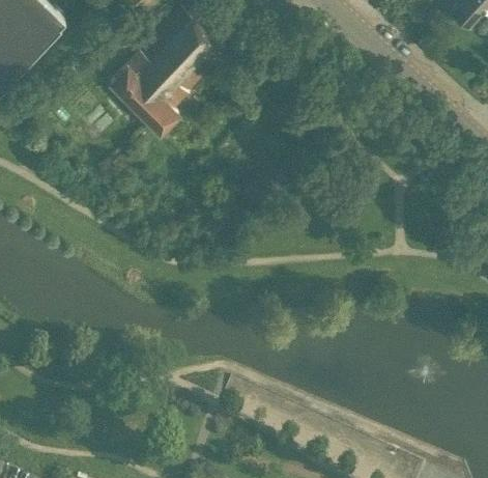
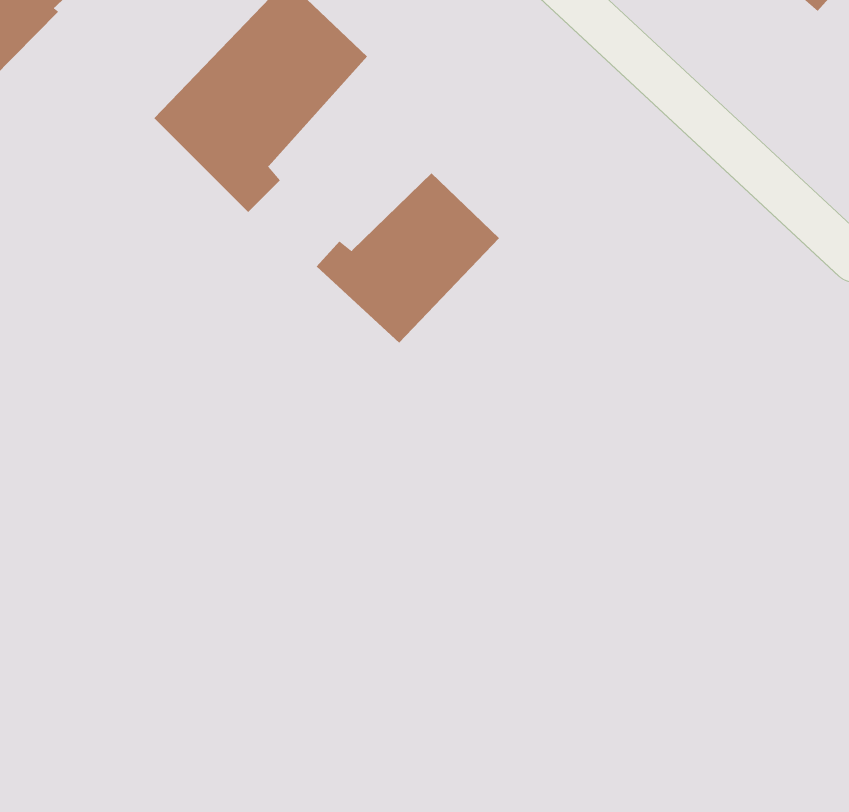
building: none -> [316,172,500,343]

